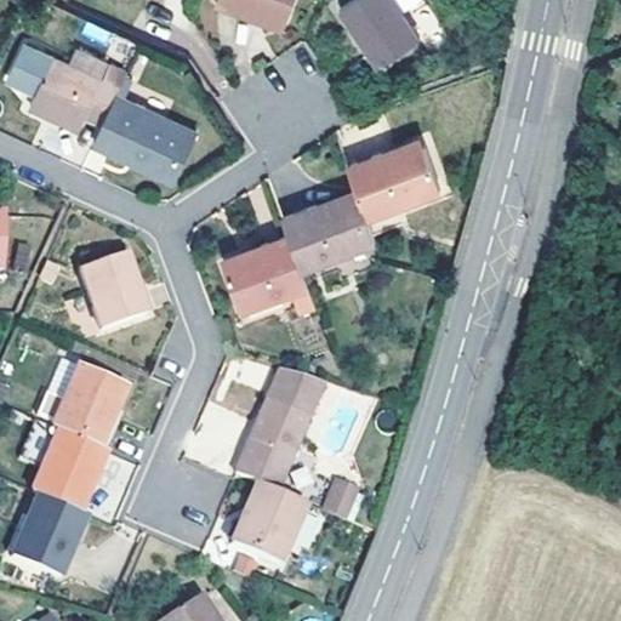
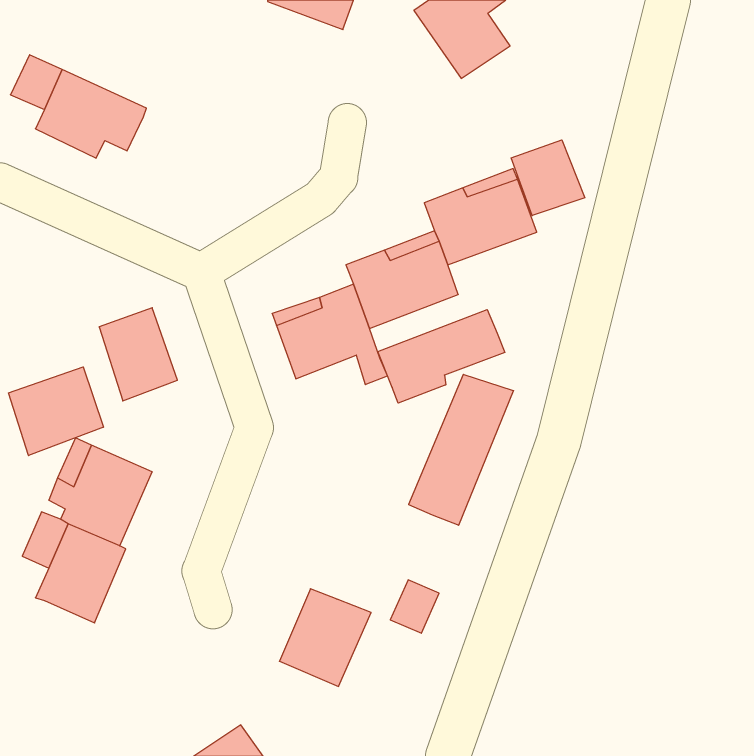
building: [97,96,196,180] -> none
building: none -> [511,140,585,216]
building: none -> [378,310,505,403]
building: none -> [9,367,103,456]
building: [237,368,323,491] -> [409,374,514,525]
building: [12,492,86,575] -> none

